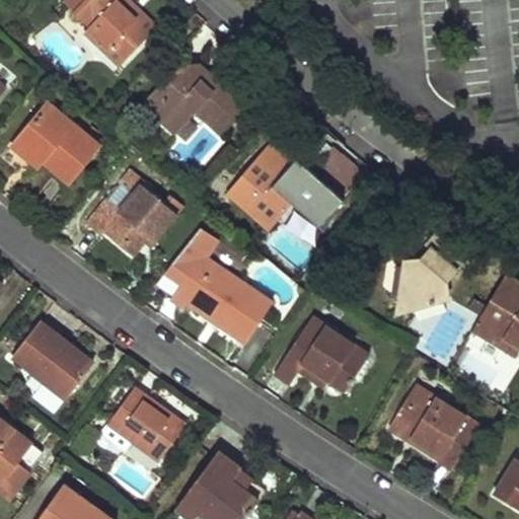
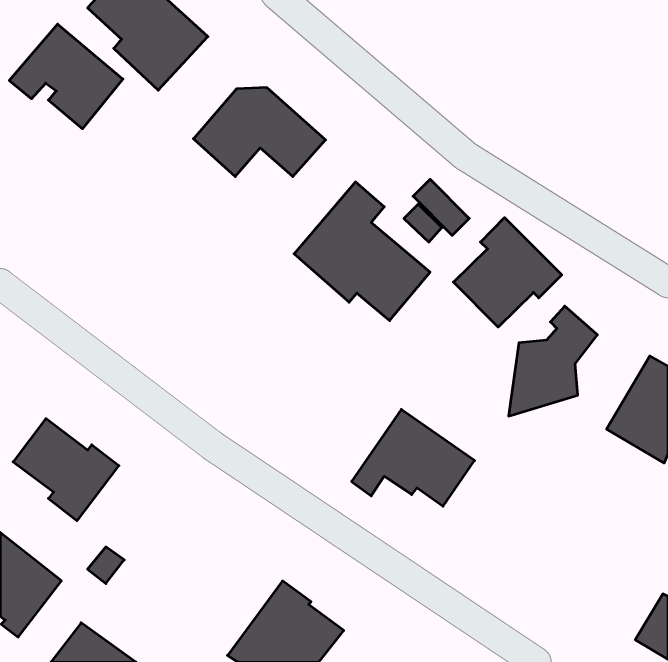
building: [11,101,99,182] -> [9,24,123,129]
building: none -> [453,218,562,327]
building: [88,169,184,254] -> none
building: [167,226,272,342] -> none
building: [107,385,186,458] -> none
building: [388,385,478,466] -> none

